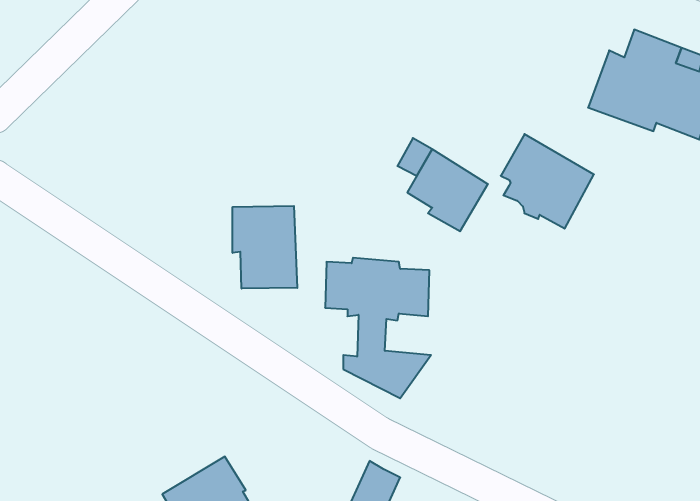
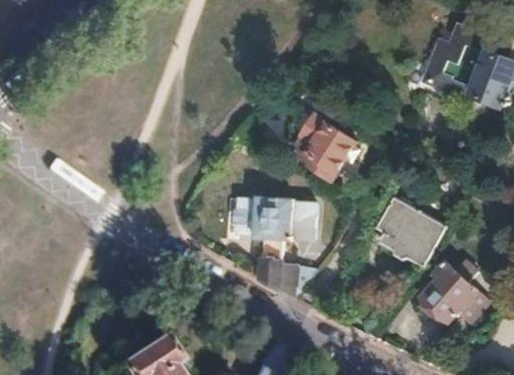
building: [501,134,594,229] -> [376,199,444,267]
building: [233,206,297,289] -> none
building: none -> [422,263,477,325]

